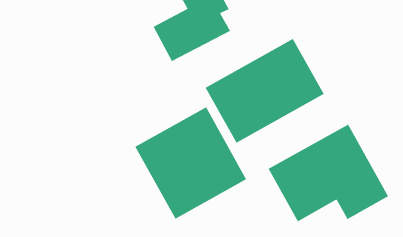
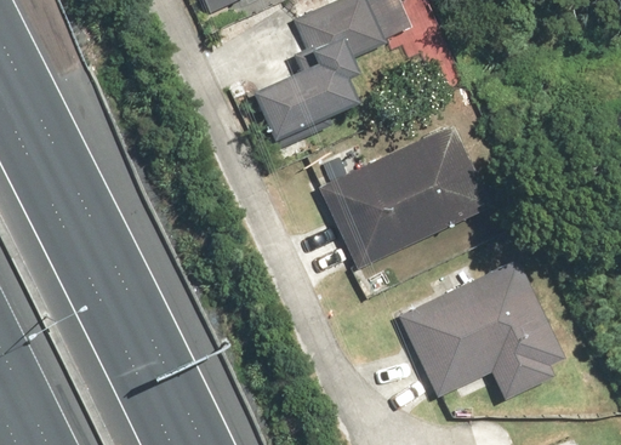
building: [134,106,247,220] -> none

